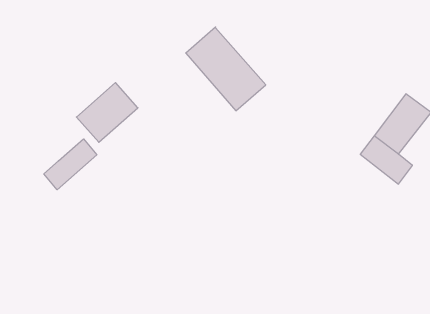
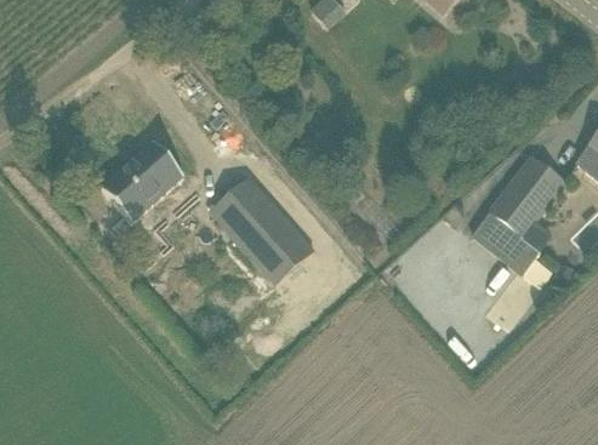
building: [186,27,266,111] -> [210,175,314,284]
building: [44,139,97,190] -> none

